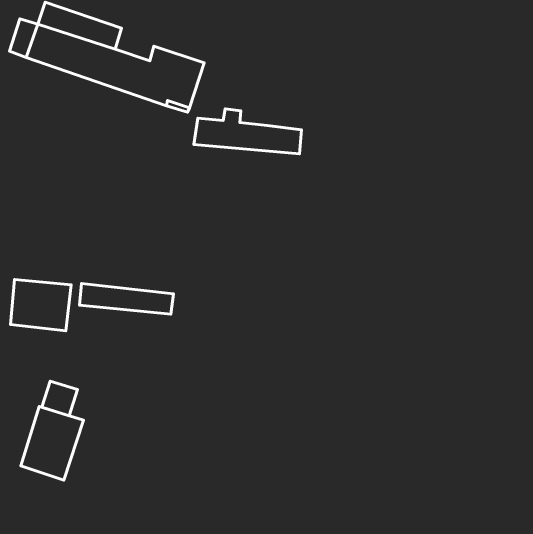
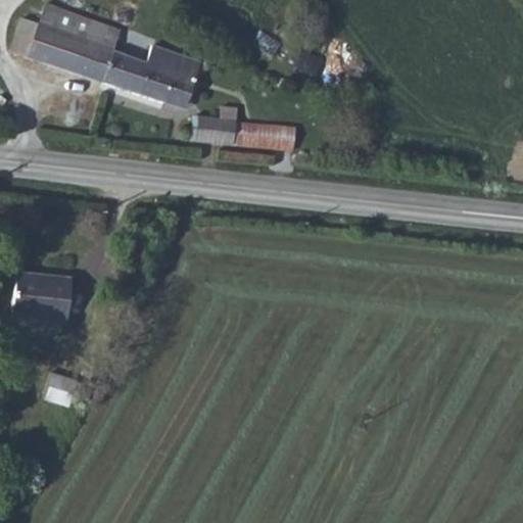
building: [79,283,174,314] -> none
building: [21,406,84,480] -> none

